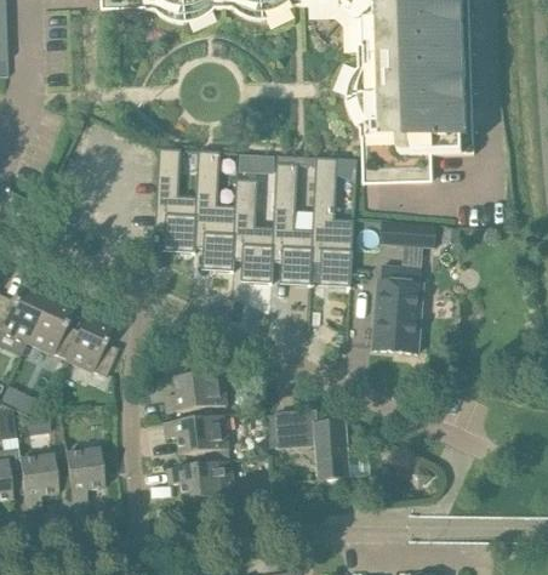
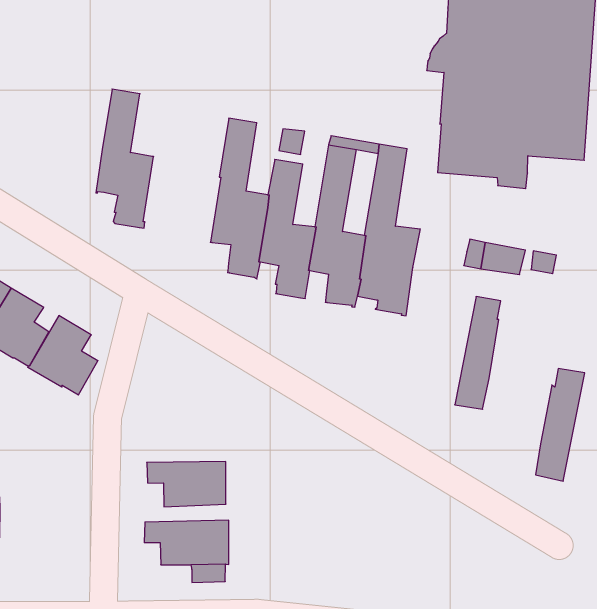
building: [155,146,196,250] -> [96,89,154,228]
building: [373,263,403,349] -> [536,369,585,481]
building: [165,369,227,410] -> none
building: [275,409,371,478] -> none
building: [64,446,103,501] -> none

